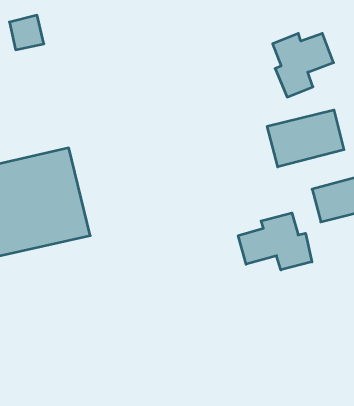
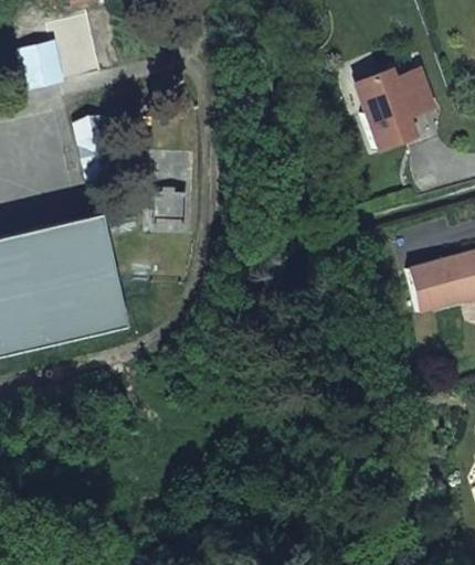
building: [267,110,344,167] -> none
building: [238,213,312,270] -> none

